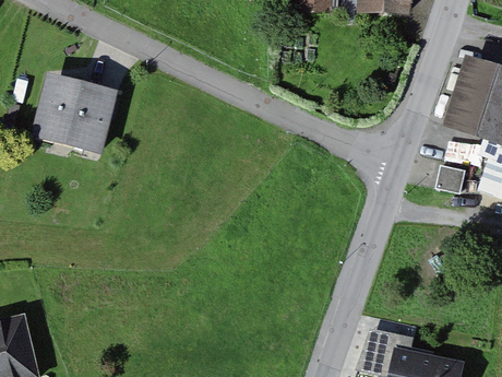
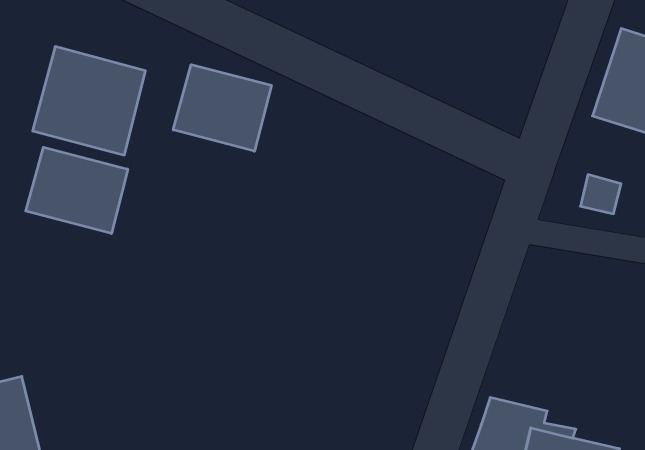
building: none -> [173,65,271,151]
building: none -> [26,147,128,234]

